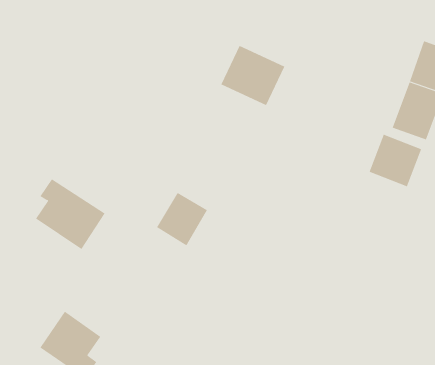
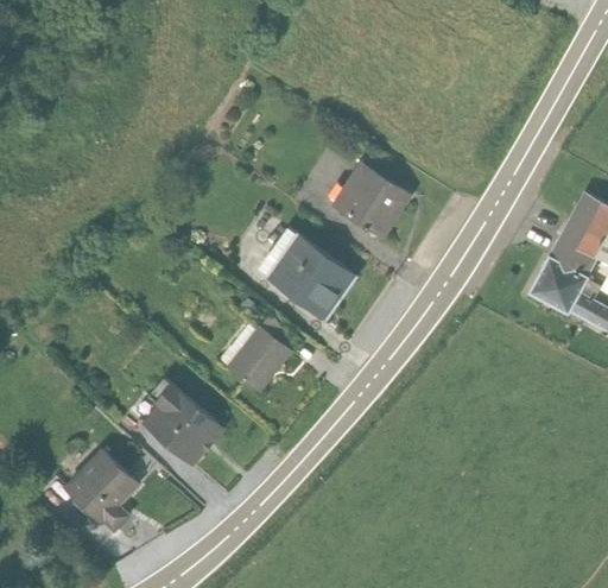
building: none -> [264,232,356,320]
building: [369,134,422,187] -> none
building: [35,178,106,250] -> [138,379,223,470]

